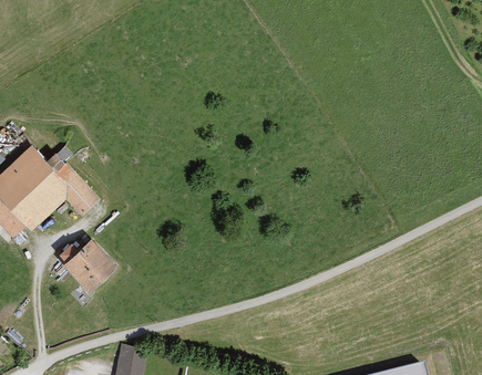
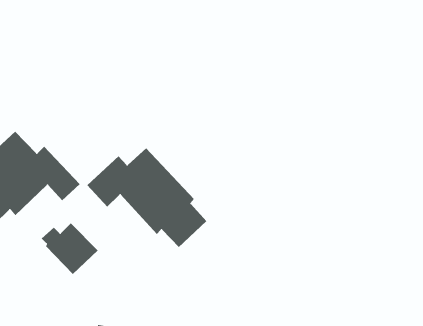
building: none -> [86,148,207,248]

